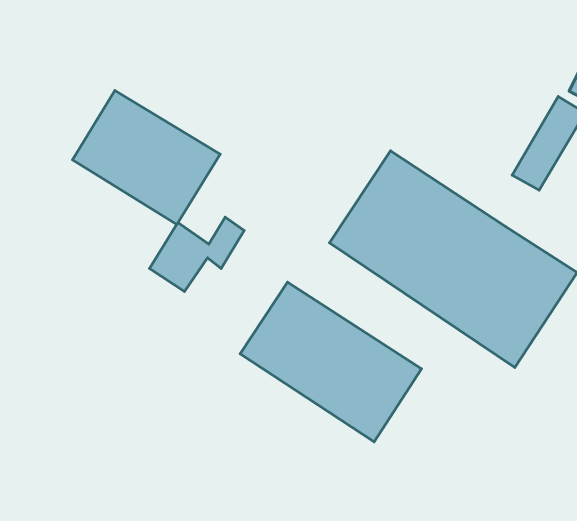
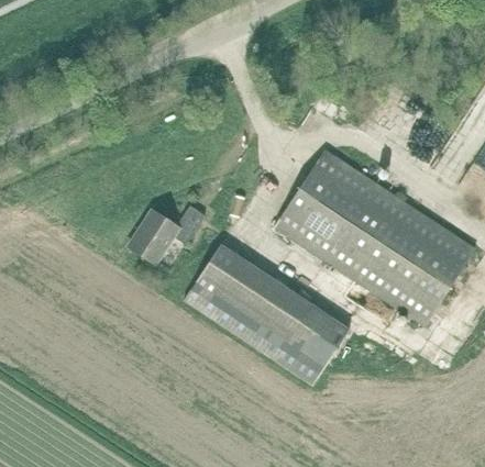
building: [73,90,220,224] -> none
building: none -> [184,243,241,314]

